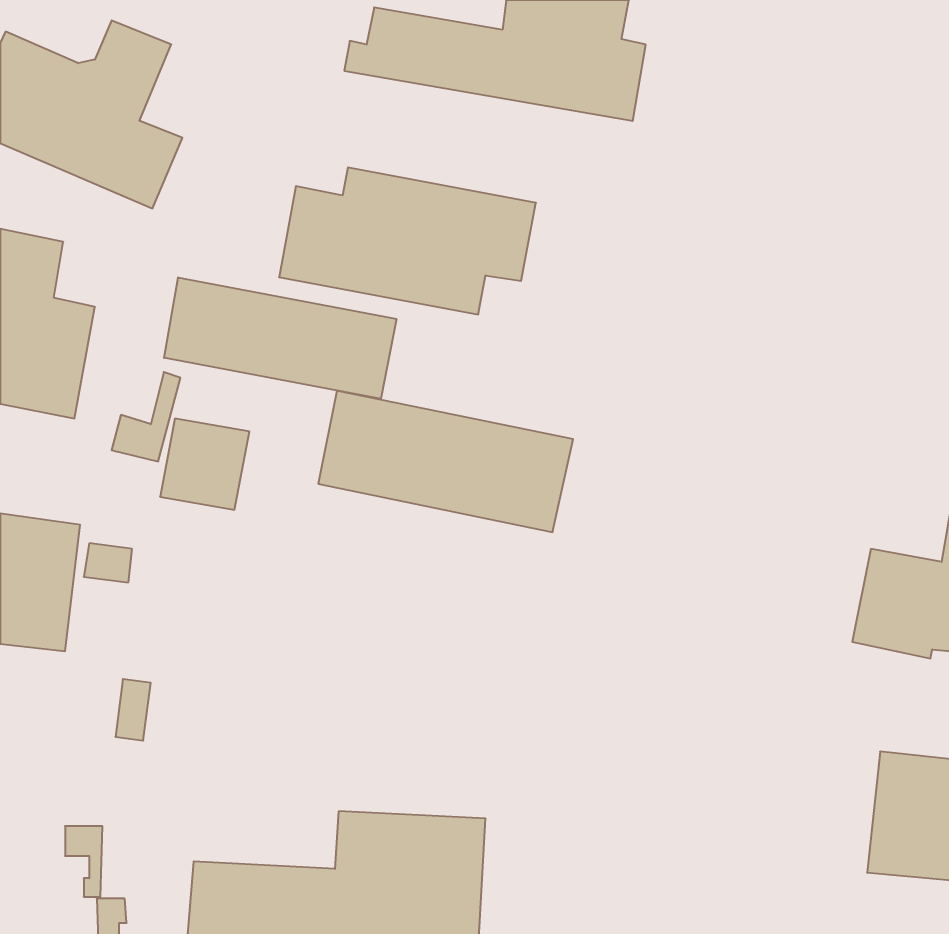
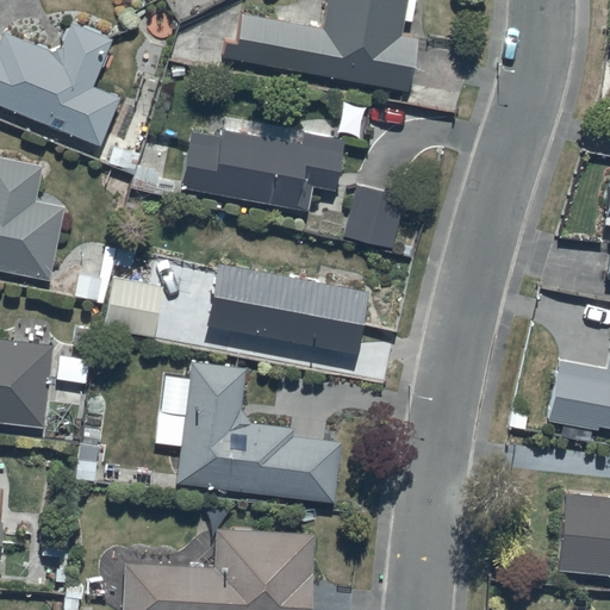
building: none -> [344,187,402,249]
building: [164,277,396,399] -> none
building: none -> [155,362,338,499]

